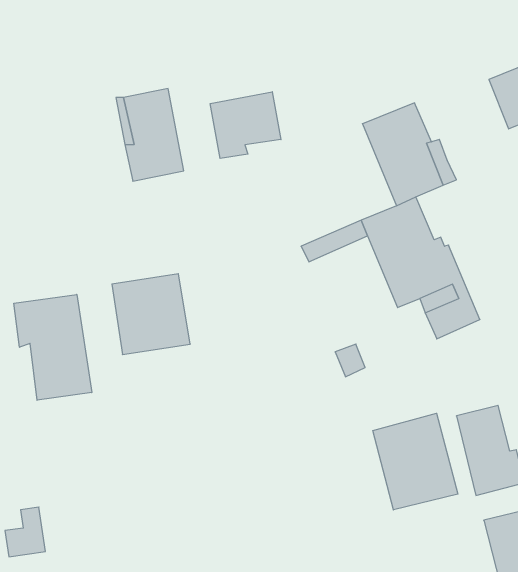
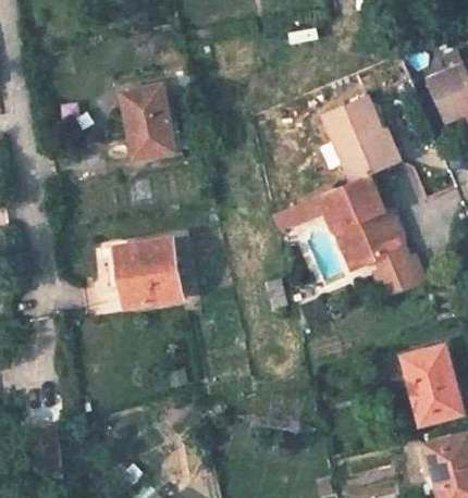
building: [210,92,281,158] -> none
building: [14,294,92,400] -> none
building: [373,413,458,510] -> none

